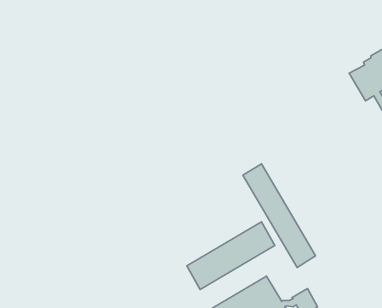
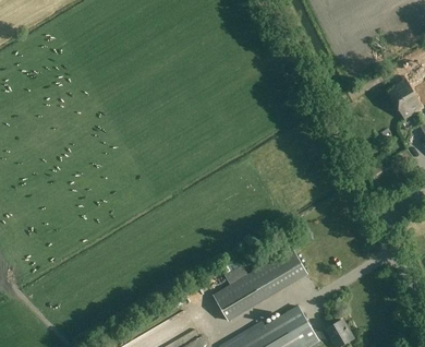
building: [243,164,315,267] -> none

